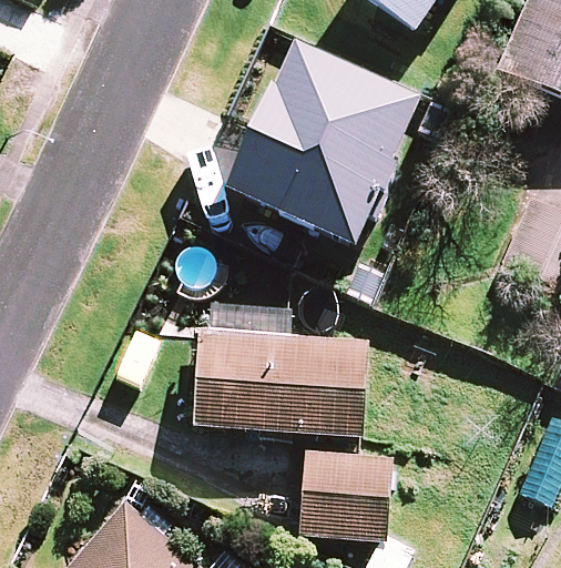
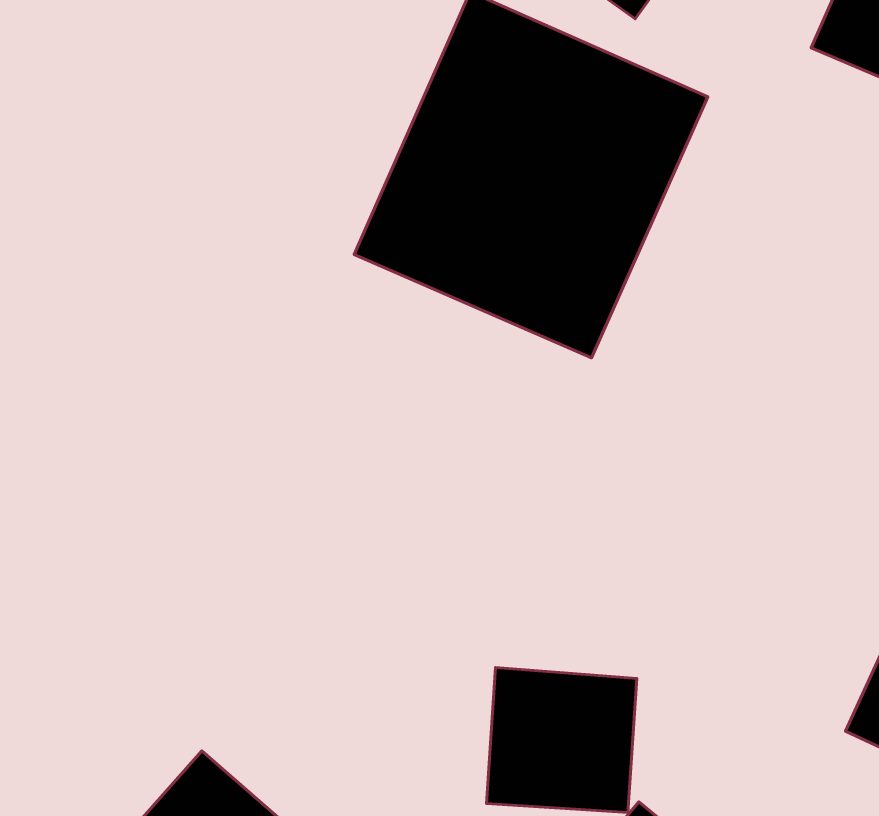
building: [194,302,367,435] -> none

